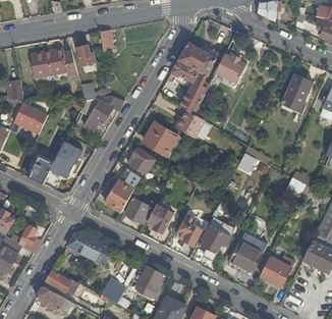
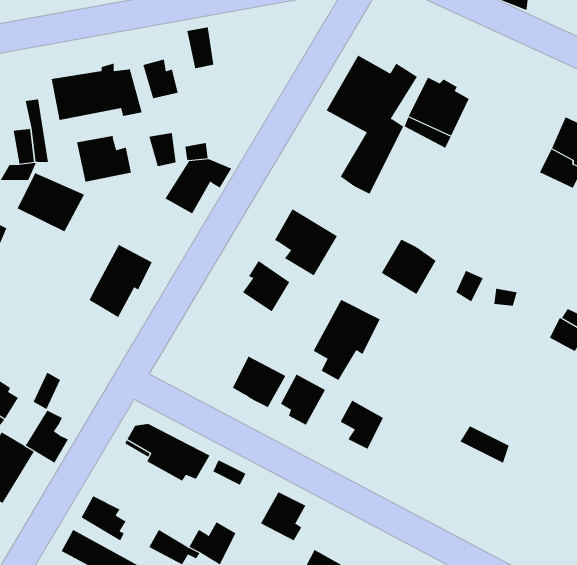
building: none -> [77,135,131,183]
building: [176,110,205,139] -> [381,239,437,295]
building: [29,155,54,183] -> none
building: [106,179,133,212] -> none
building: [199,217,233,259] -> [313,299,381,381]
building: [230,241,263,271] -> none
building: [261,257,290,286] -> none

